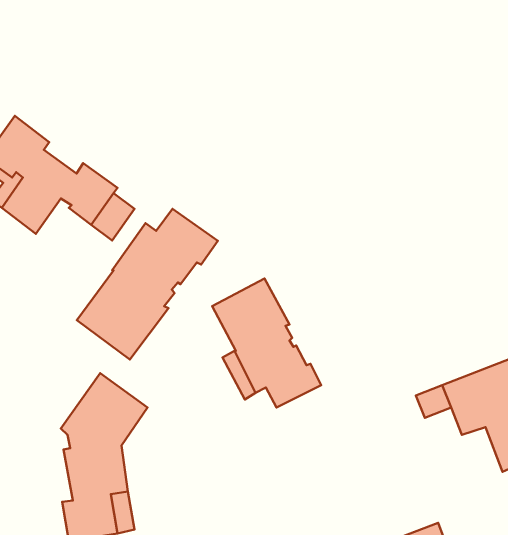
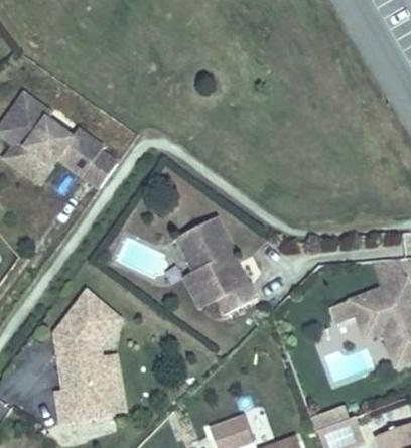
building: [77,209,218,359] -> none

